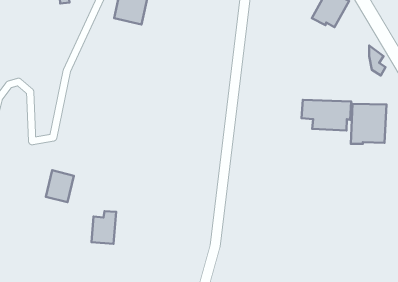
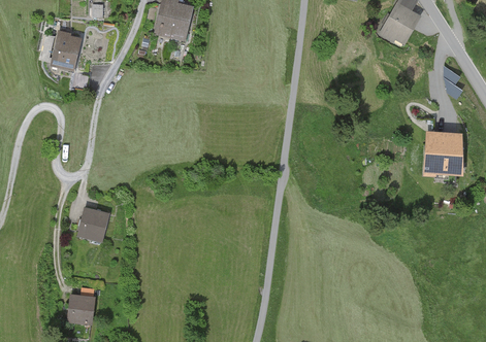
building: none -> [51,30,83,71]
building: [302,100,351,130] -> none
building: [92,211,116,244] -> [67,287,95,324]

